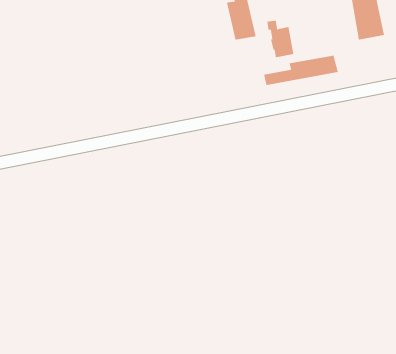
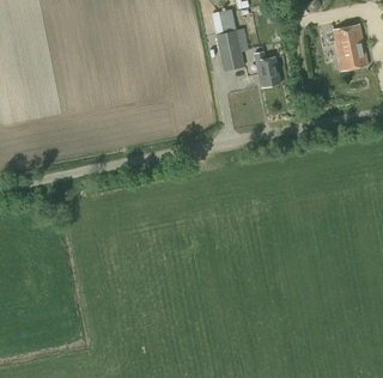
building: [263,55,339,86] -> none

